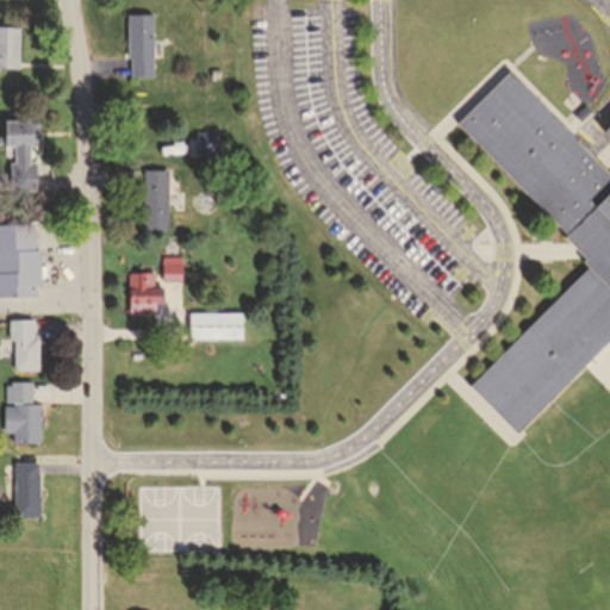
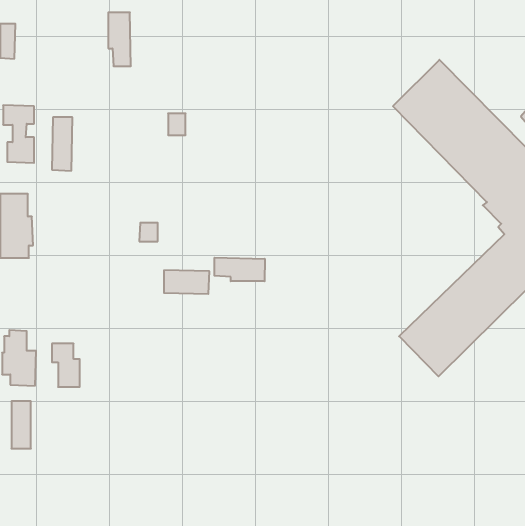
building: [145,169,169,231] -> [52,117,72,171]
building: [129,273,161,313] -> none
building: none -> [214,258,265,281]
building: [10,320,42,371] -> [52,344,80,387]

